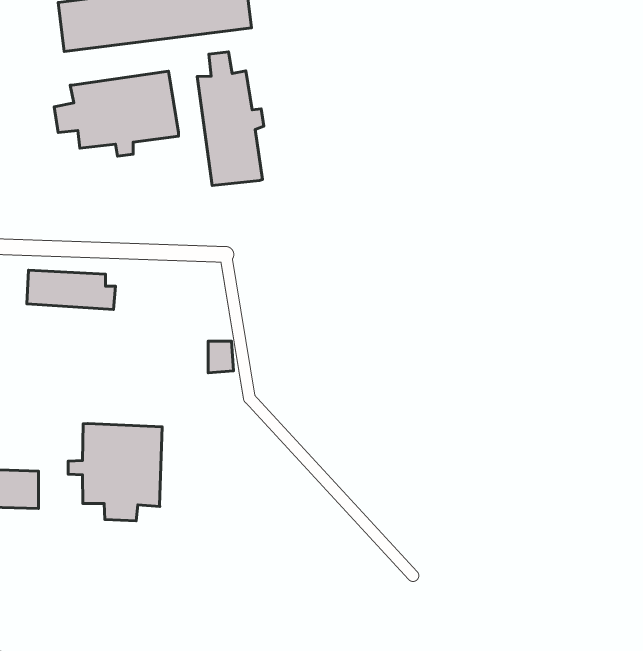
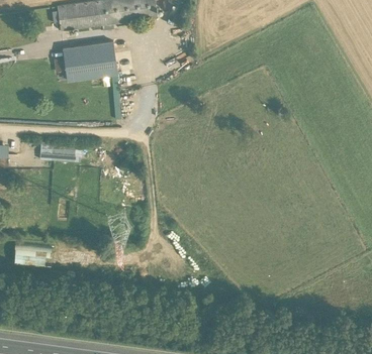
building: [197,52,264,186] -> none
building: [68,423,162,521] -> none

